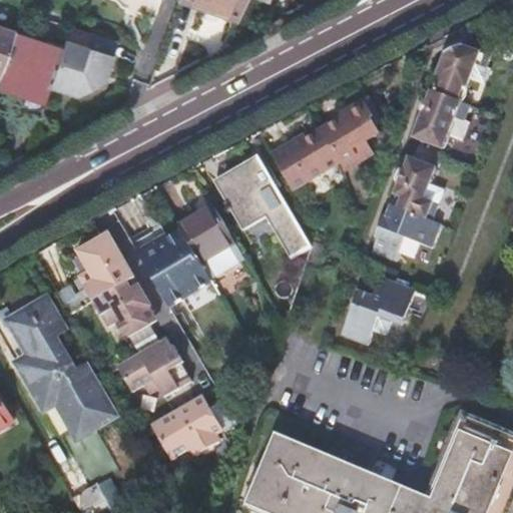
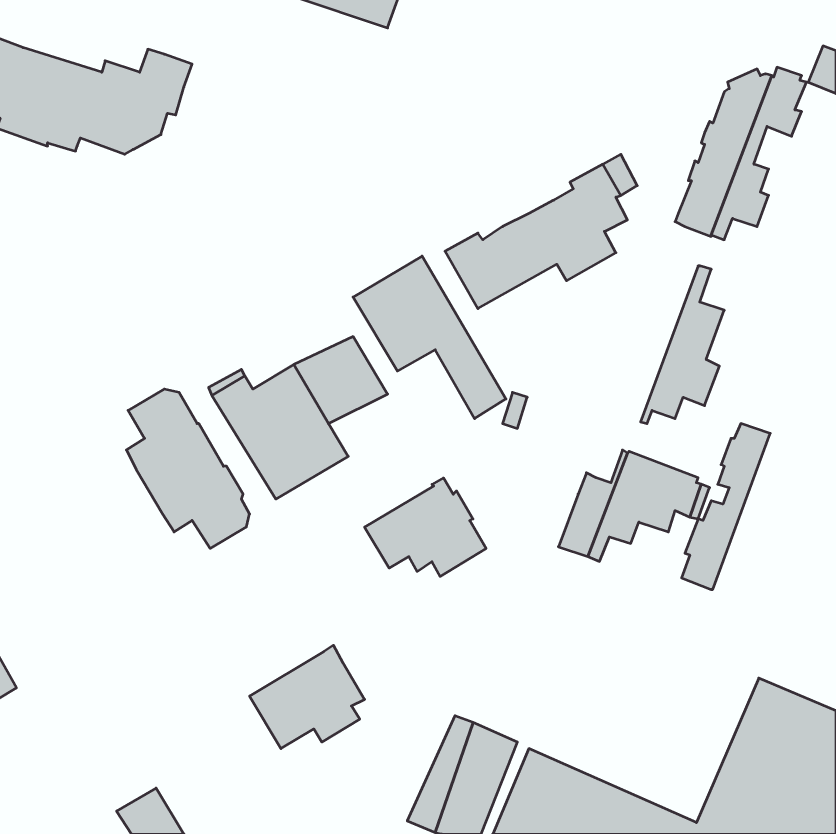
building: [372,156,426,258] -> [682,424,770,589]
building: [8,299,112,434] -> none
building: [117,335,191,395] -> [365,478,486,576]

